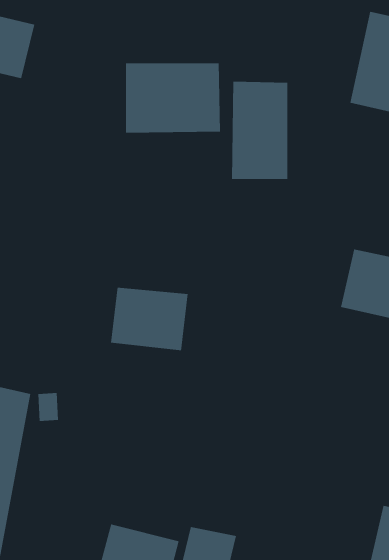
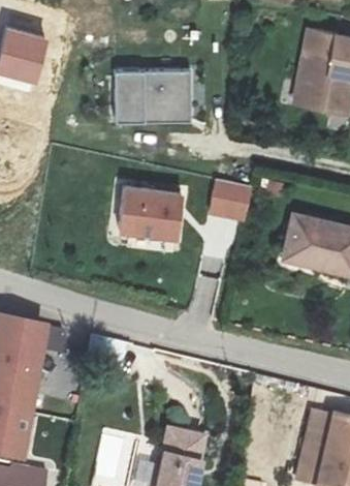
building: [232,81,288,180] -> none
building: none -> [211,182,249,220]
building: [110,287,189,351] -> [122,191,183,241]

